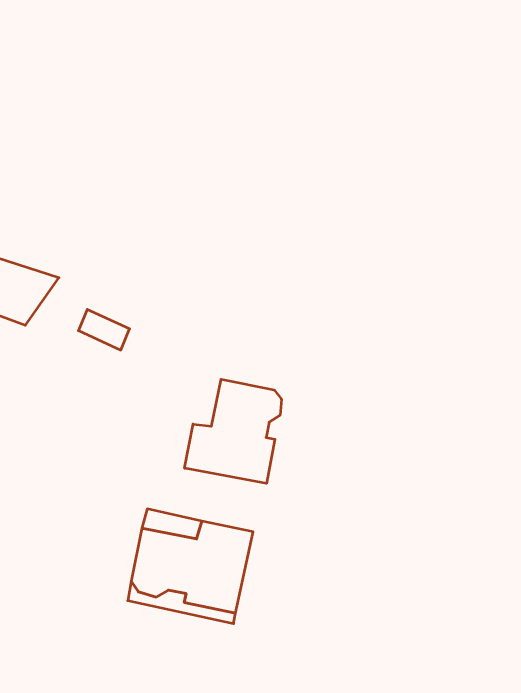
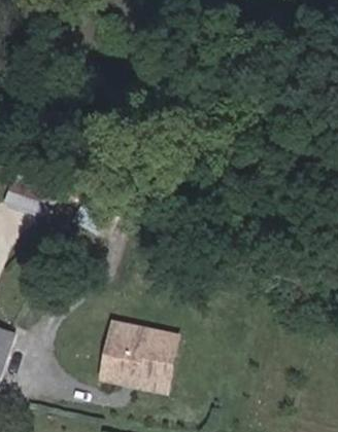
building: [185,379,281,483] -> none

